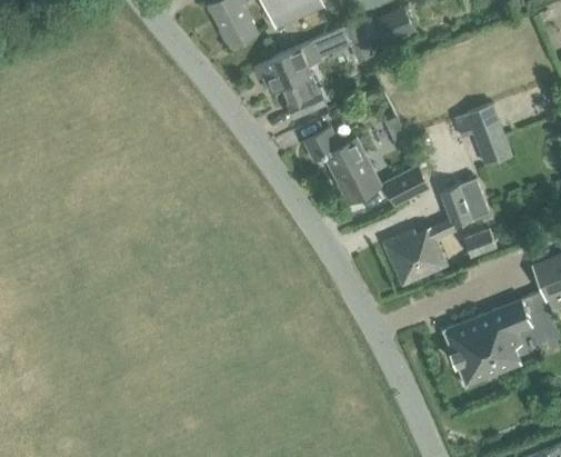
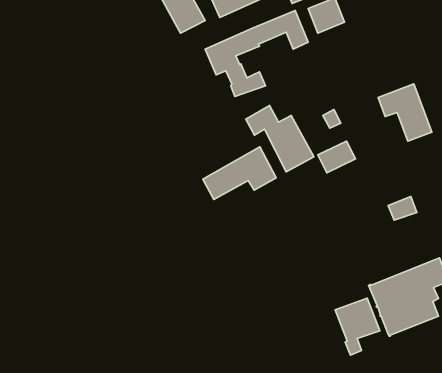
building: none -> [203,147,276,199]
building: [382,178,489,286] -> none
building: none -> [335,298,380,355]

